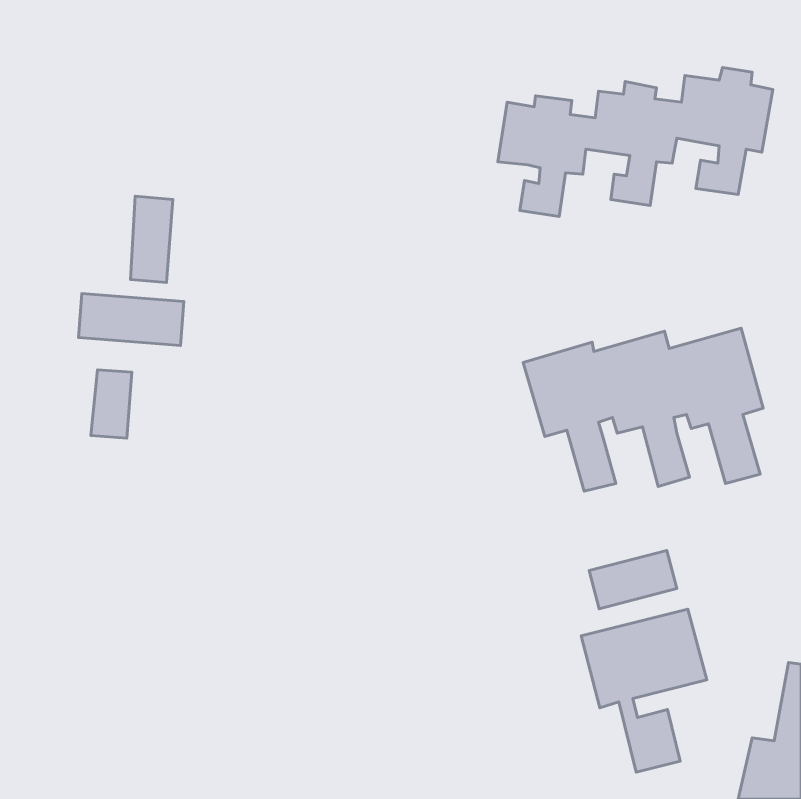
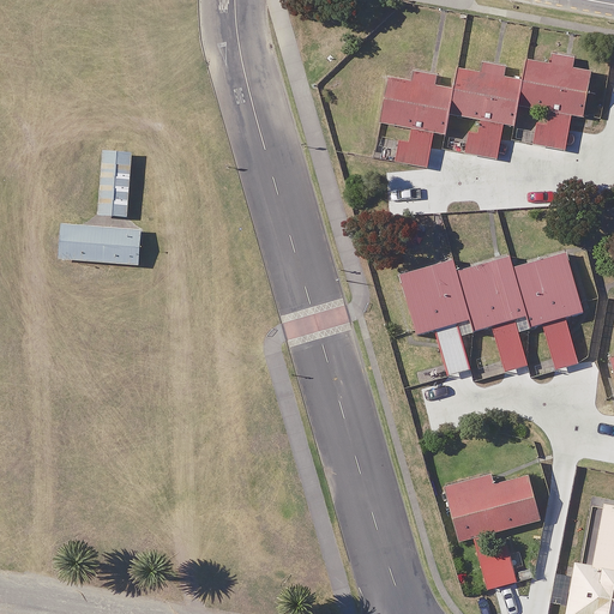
building: [91,370,132,438] -> none
building: [589,550,677,609] -> none

